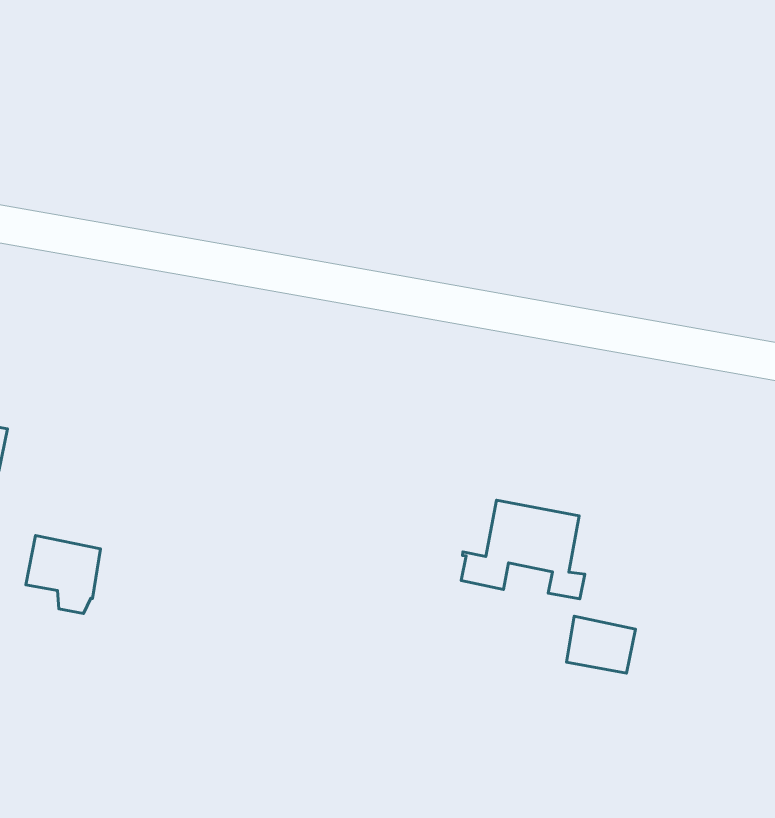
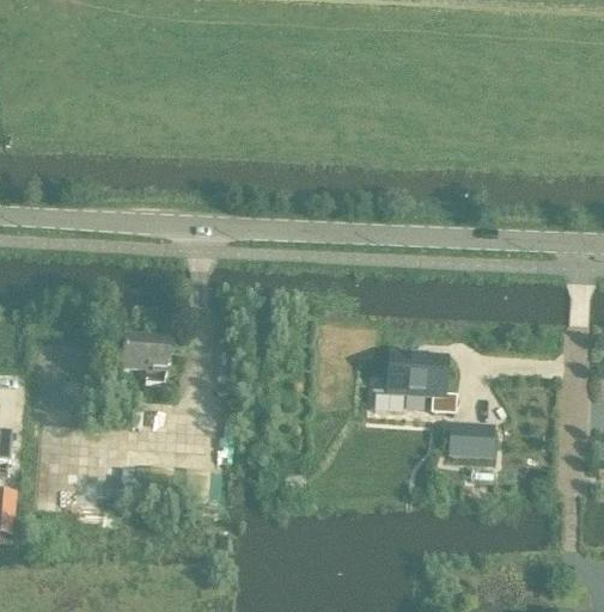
building: [26,535,101,614] -> [122,337,169,385]

